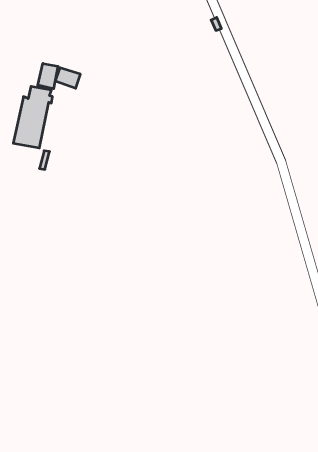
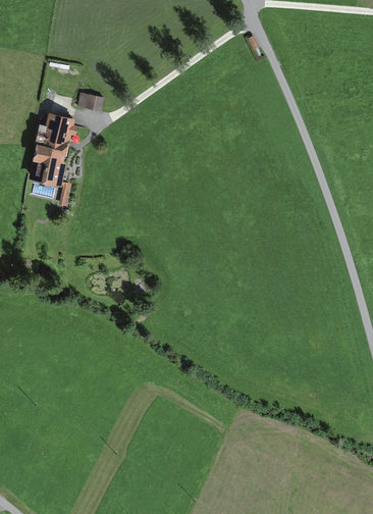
building: [38,63,58,89] -> none

